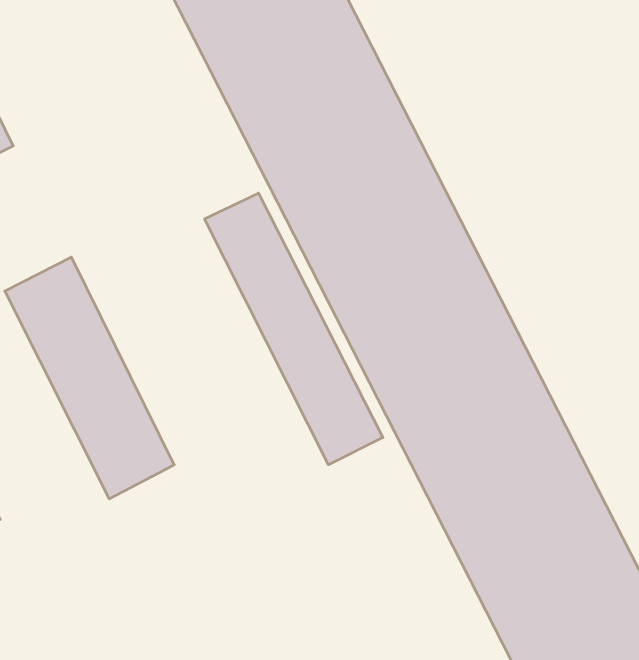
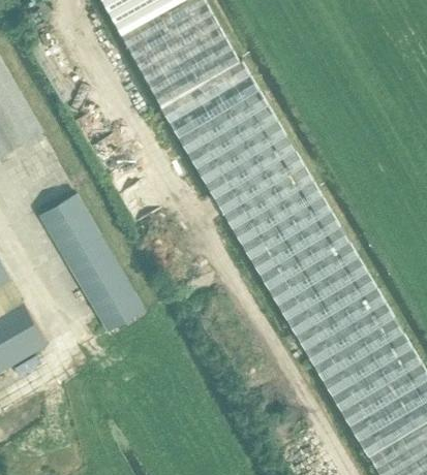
building: [205,193,383,465] -> none

